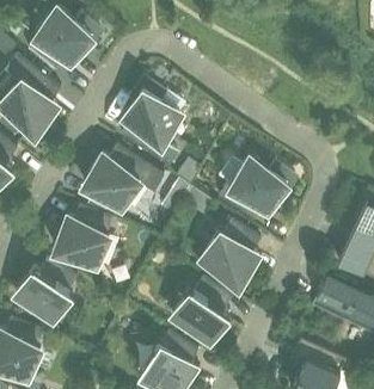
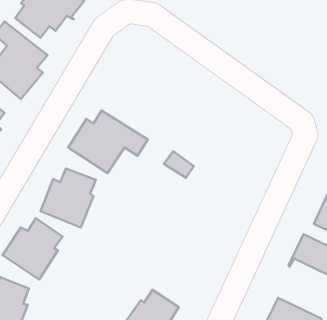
building: [121,85,180,171] -> none
building: [217,162,294,226] -> none
building: [200,223,259,289] -> none
building: [171,280,231,346] -> none

